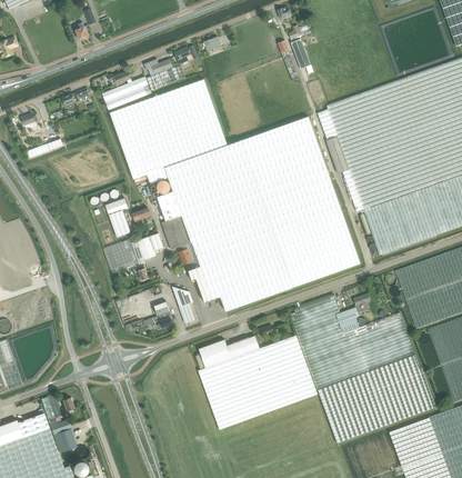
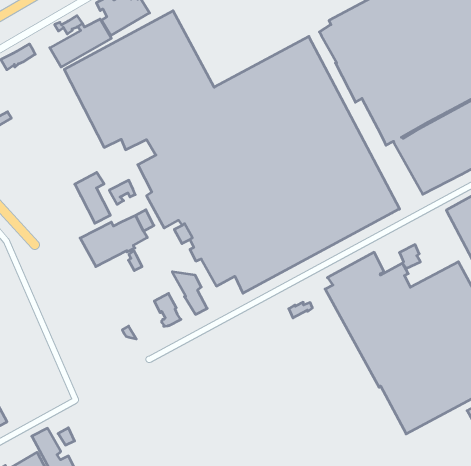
building: [199,335,318,429] -> none

